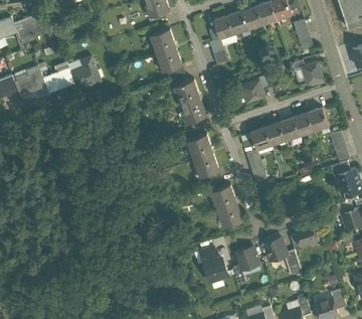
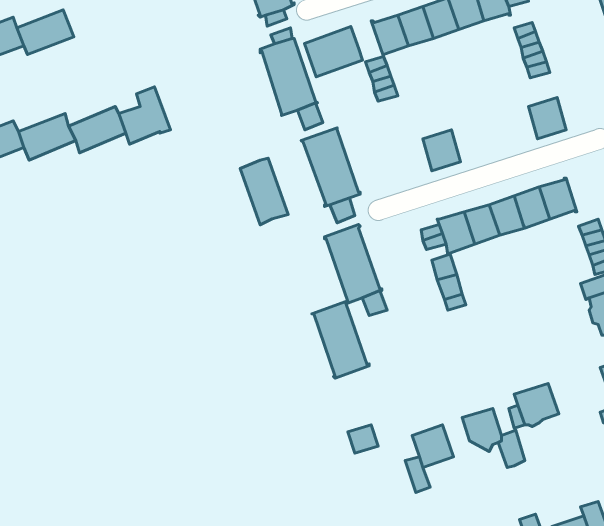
building: none -> [304,27,363,77]
building: none -> [240,158,288,225]
building: [210,185,242,228] -> [312,301,369,378]
building: [203,257,227,282] -> none

